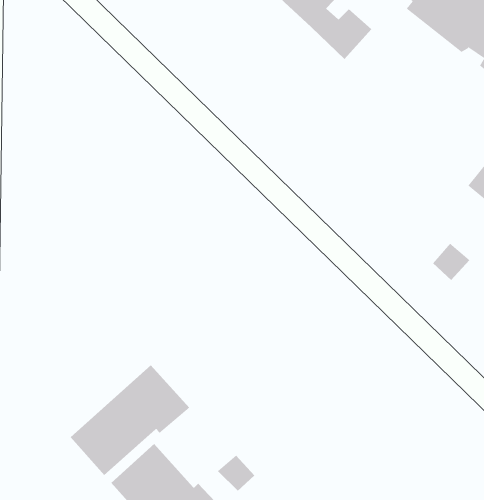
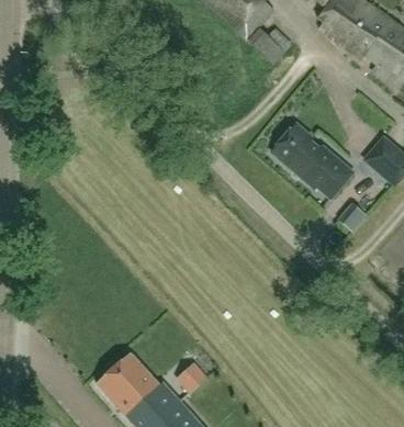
building: none -> [271,123,352,196]
building: [70,365,190,476] -> none

